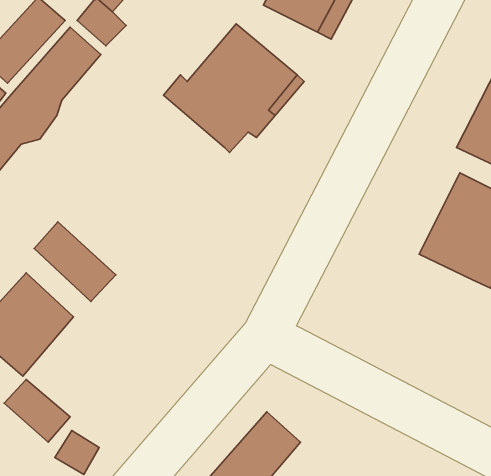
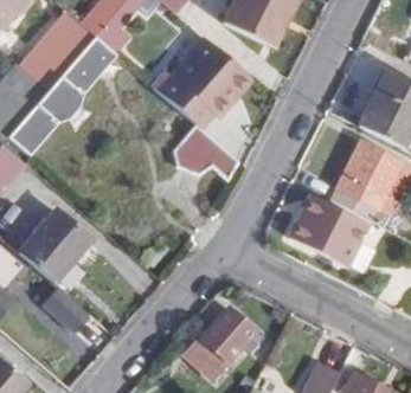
building: none -> [176,123,239,176]
building: [34,222,116,302] -> none
building: none -> [288,194,366,266]

